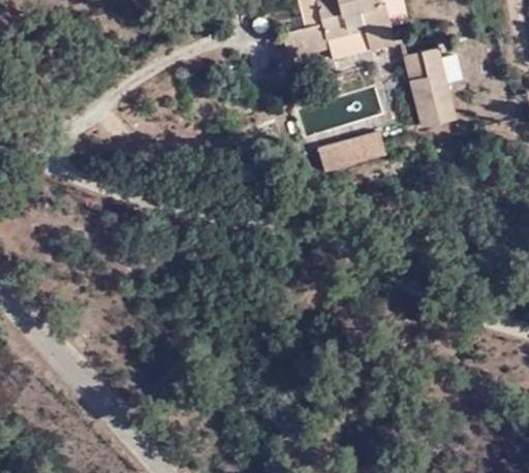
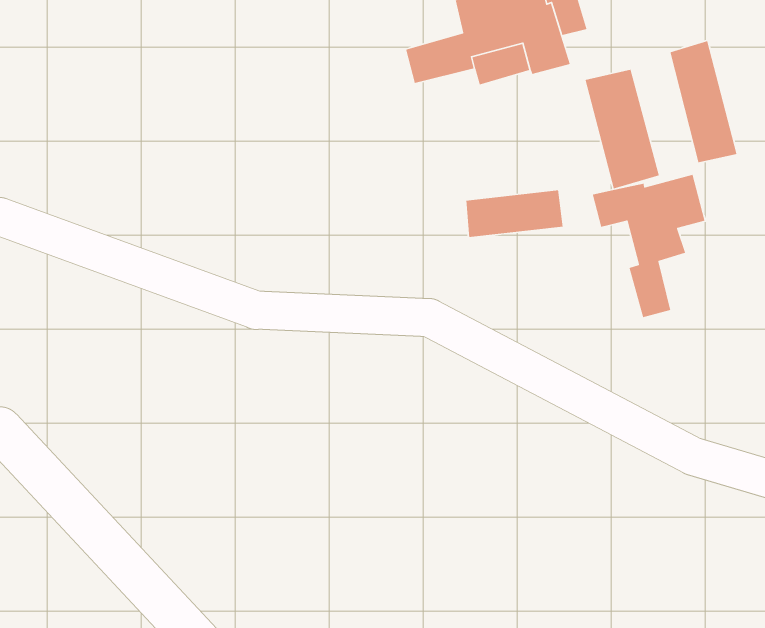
building: none -> [670,40,737,163]
building: none -> [592,174,705,318]

